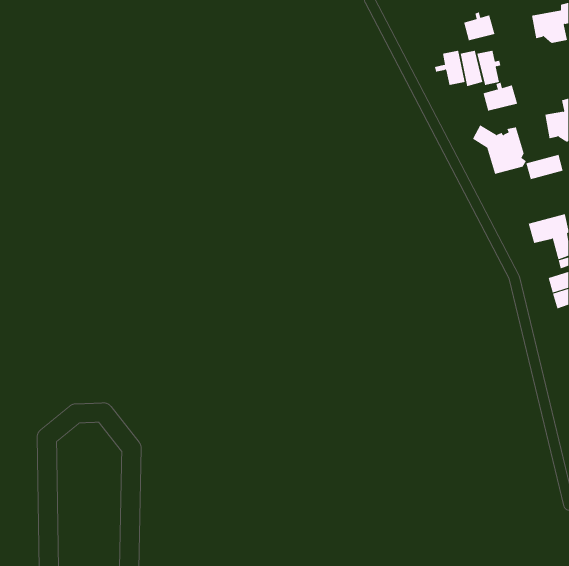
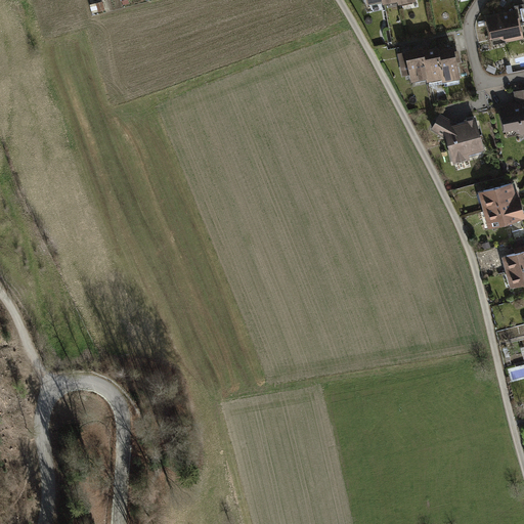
building: [463,12,495,41] -> none
building: [483,82,518,111] -> none
building: [526,154,563,180] -> [481,184,516,208]

